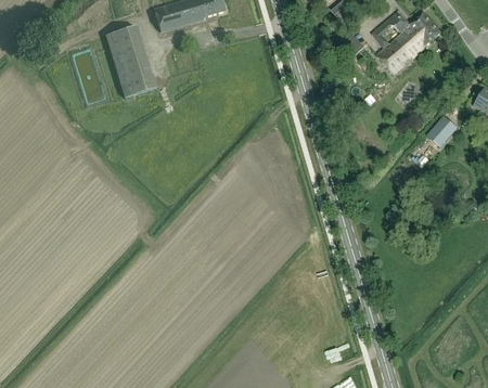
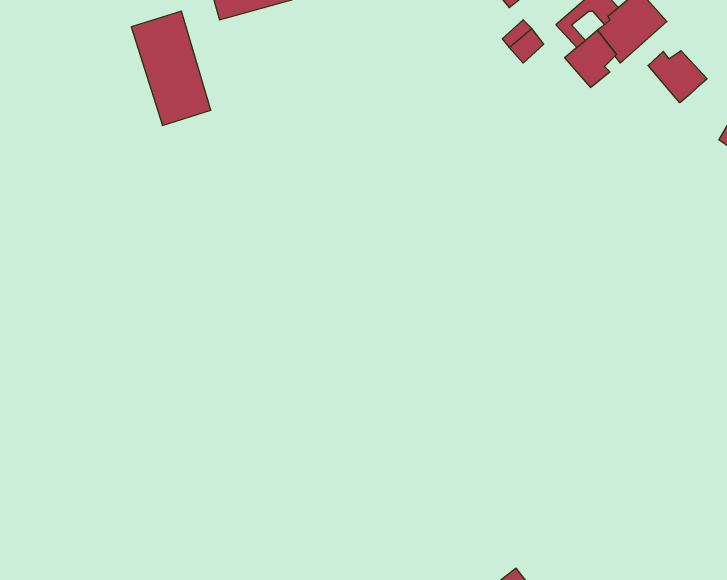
building: none -> [648,51,707,103]
building: [426,115,457,146] -> none

